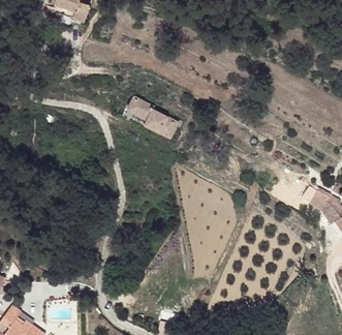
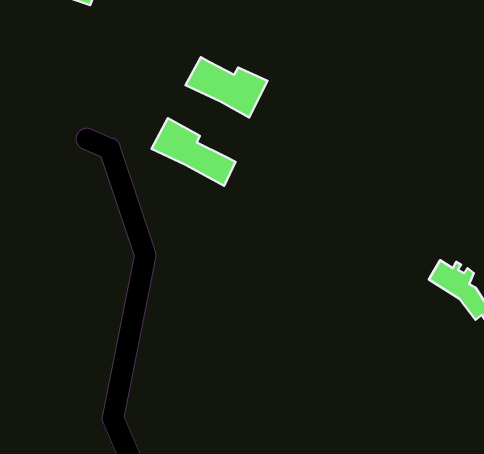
building: none -> [186,57,268,118]

